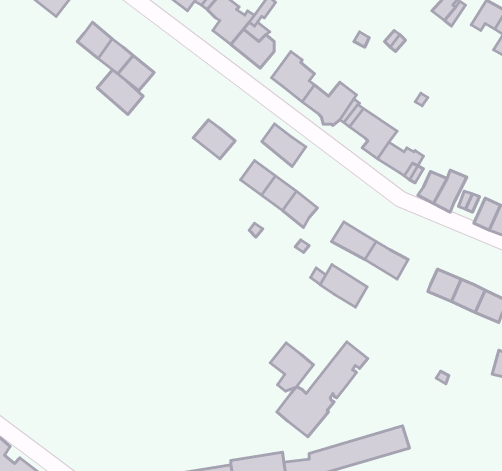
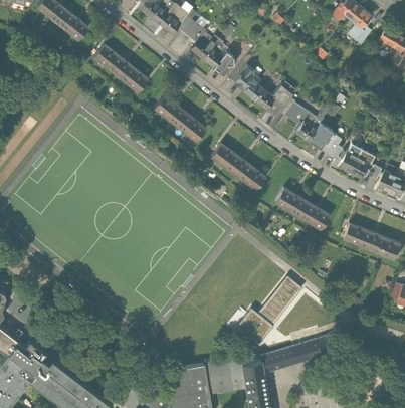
building: [97,70,143,114] -> [155,95,188,128]
building: [262,124,306,166] -> none
building: [320,265,367,307] -> none
building: [270,343,314,391] -> none

